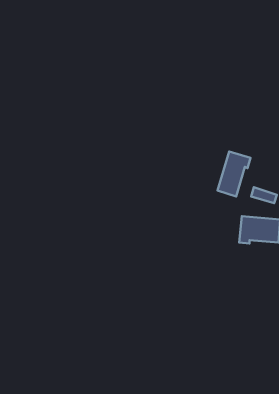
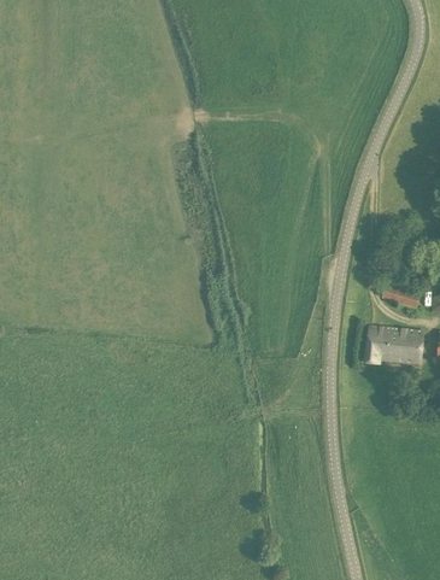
building: [217,152,251,197] -> none

